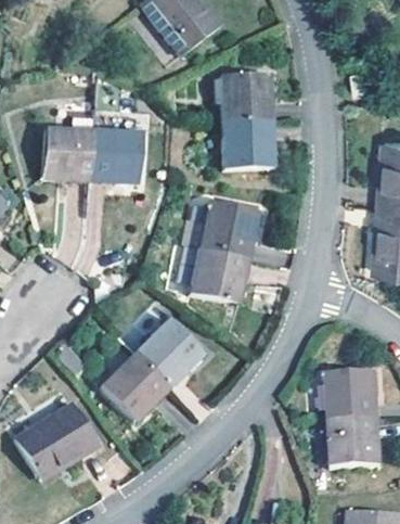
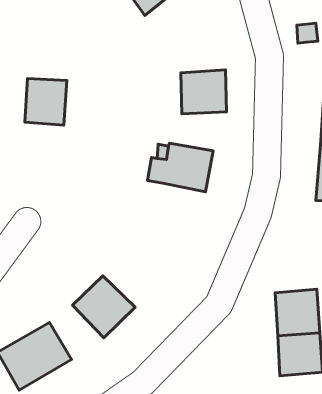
building: [221,72,273,120] -> none
building: [89,129,140,182] -> none
building: [192,246,250,302] -> none
building: [133,319,204,387] -> none

